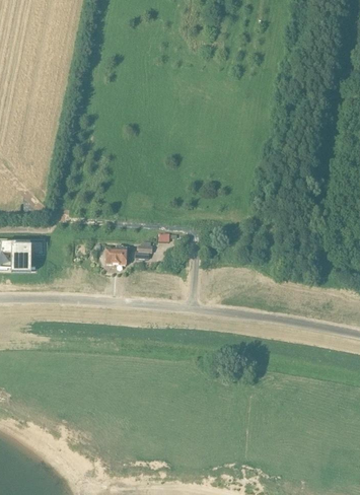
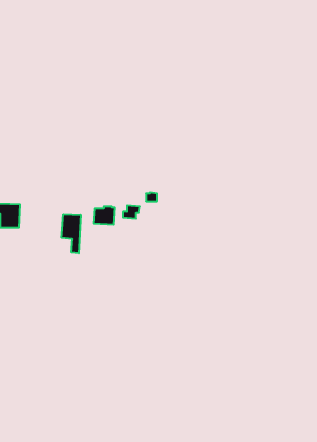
building: none -> [62,214,81,253]

